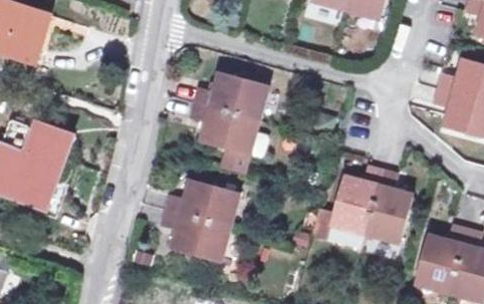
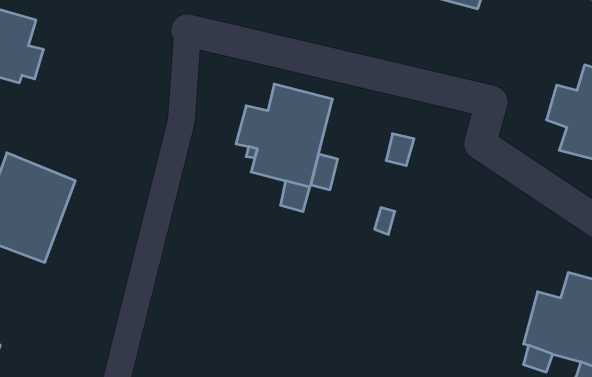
building: [313,163,411,244] -> none
building: [164,181,240,259] -> none

